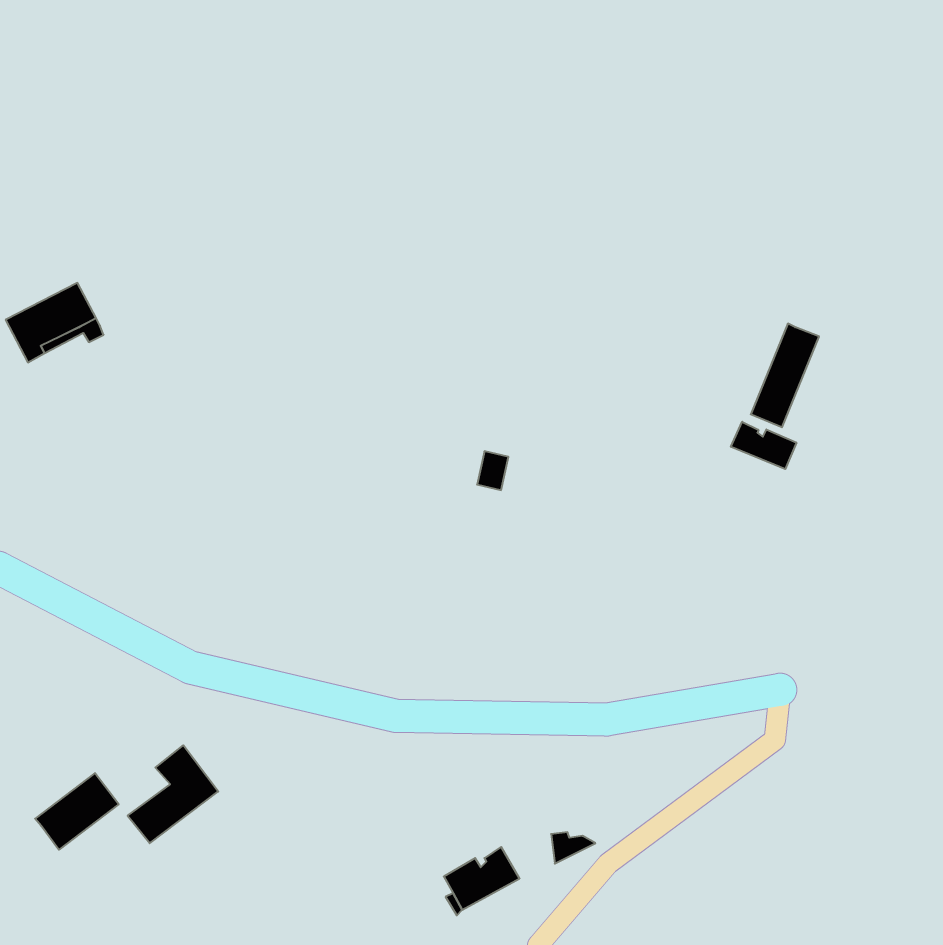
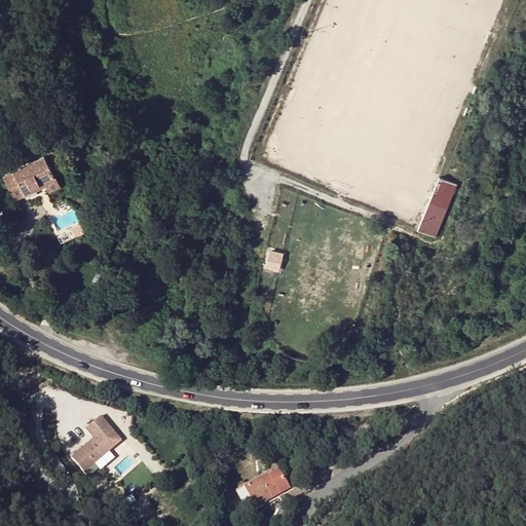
building: [731,422,796,469] -> none
building: [35,773,119,850] -> none

